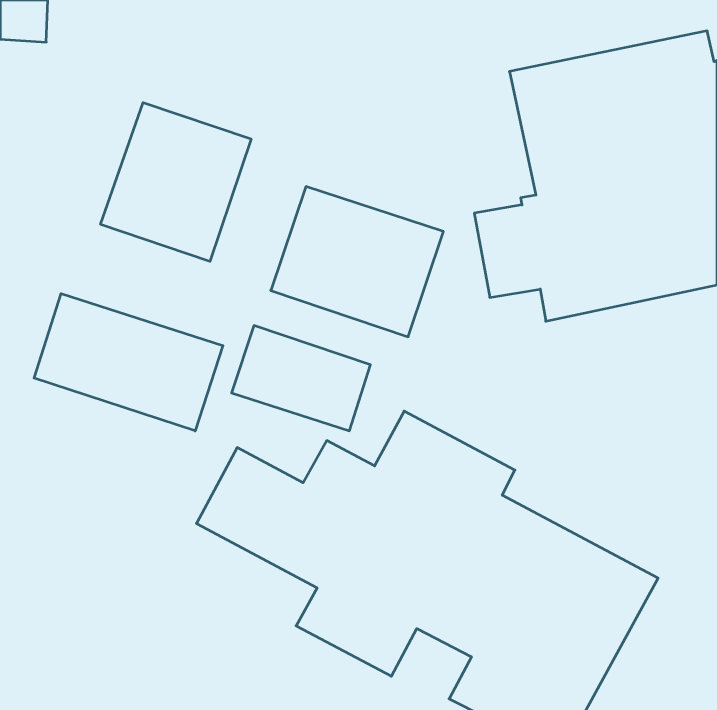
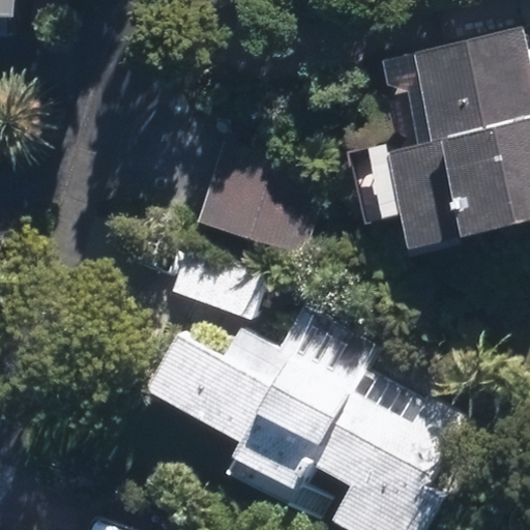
building: [101,103,251,261] -> none
building: [34,294,223,431] -> none

